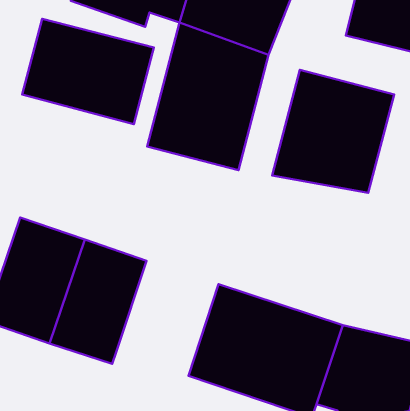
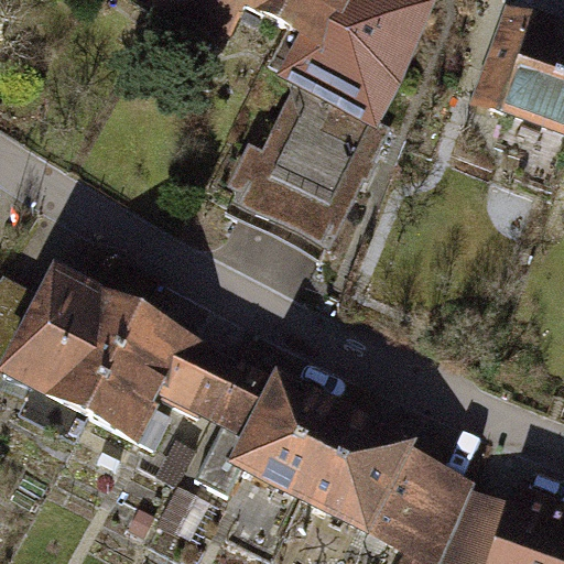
building: [22,19,154,124] -> none
building: [272,70,394,193] -> none
building: none -> [155,335,289,479]

